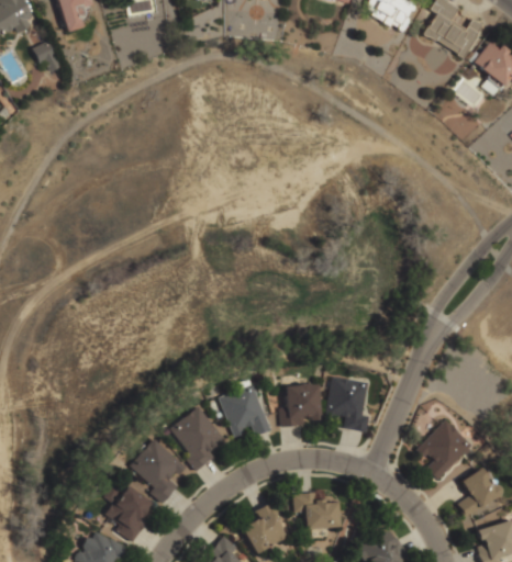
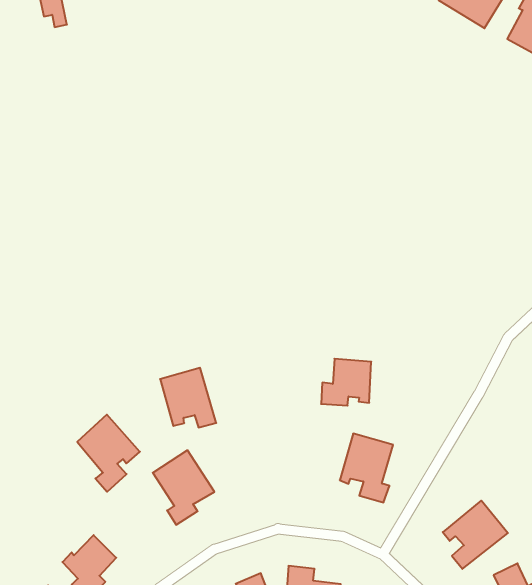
building: [221,385,271,436] -> [160,368,216,427]
building: [279,385,320,425] -> [321,359,371,406]
building: [133,439,186,503] -> [77,415,140,492]

